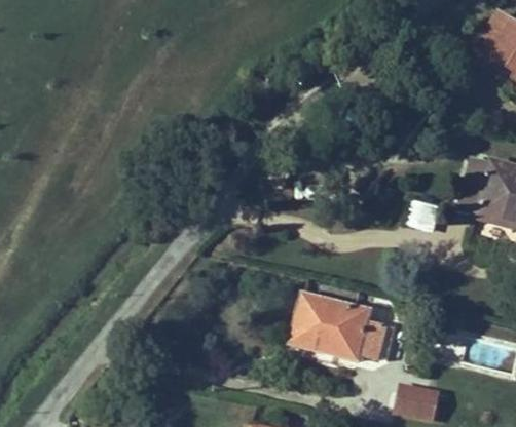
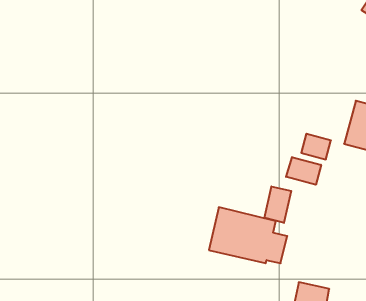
building: none -> [286,157,321,185]
building: none -> [264,186,291,223]

